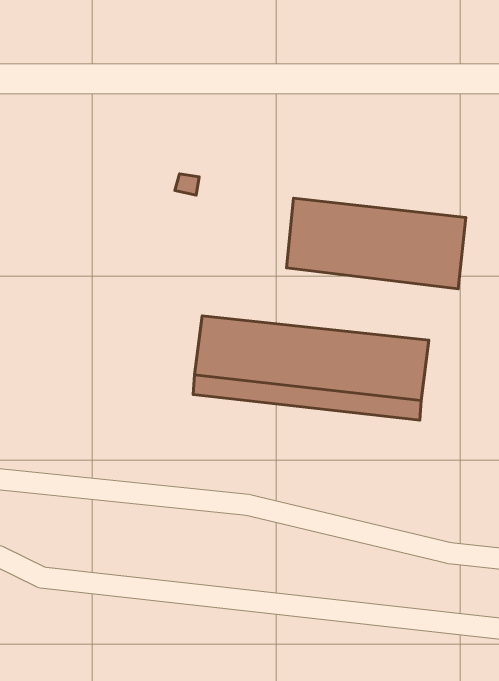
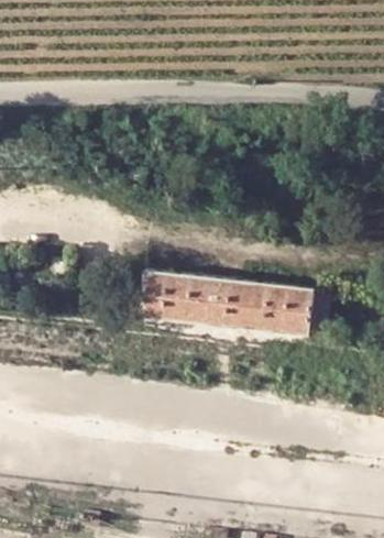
building: [286,198,466,289] -> none

